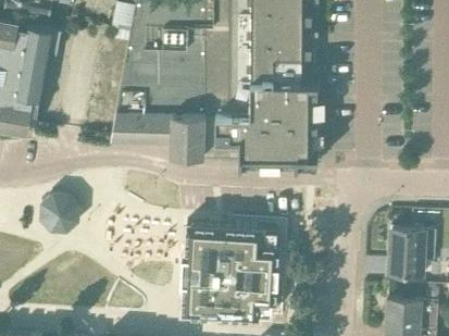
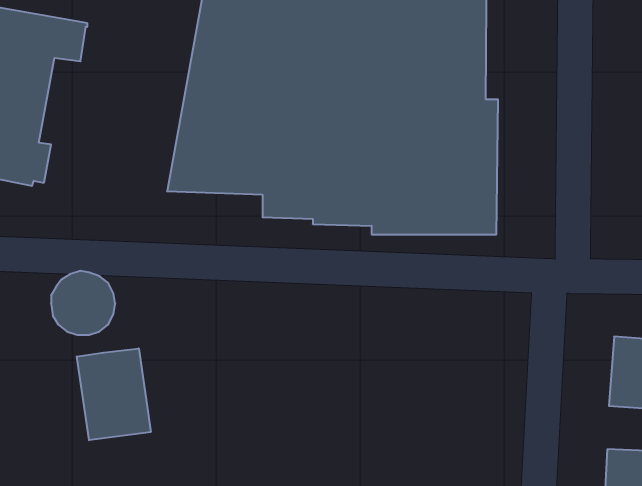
building: [180,224,278,319] -> none
building: none -> [77,348,151,440]

